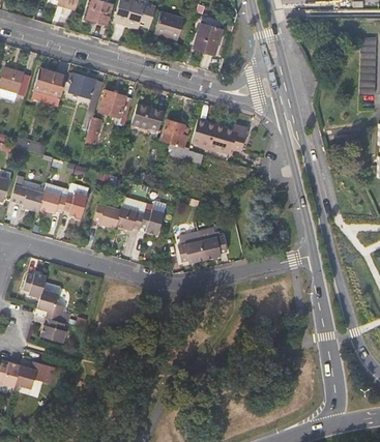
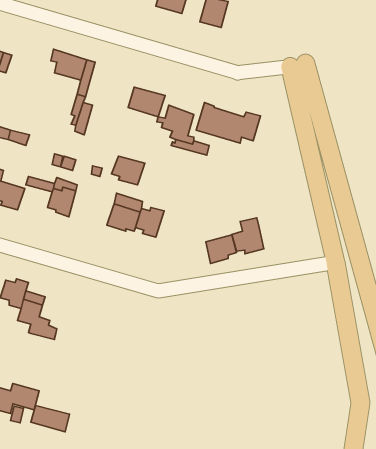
building: [32,69,66,106] -> none
building: [98,90,133,127] -> none
building: [37,189,66,212] -> none
building: [90,203,119,228] -> [111,156,145,185]
building: [176,231,204,262] -> [232,218,264,254]
building: [40,319,68,340] -> none
building: none -> [31,406,69,432]

